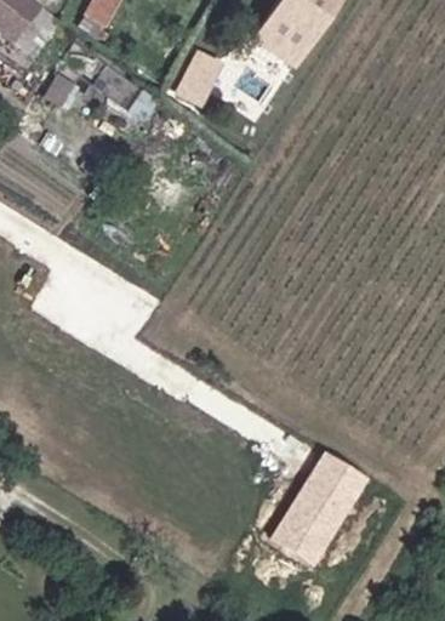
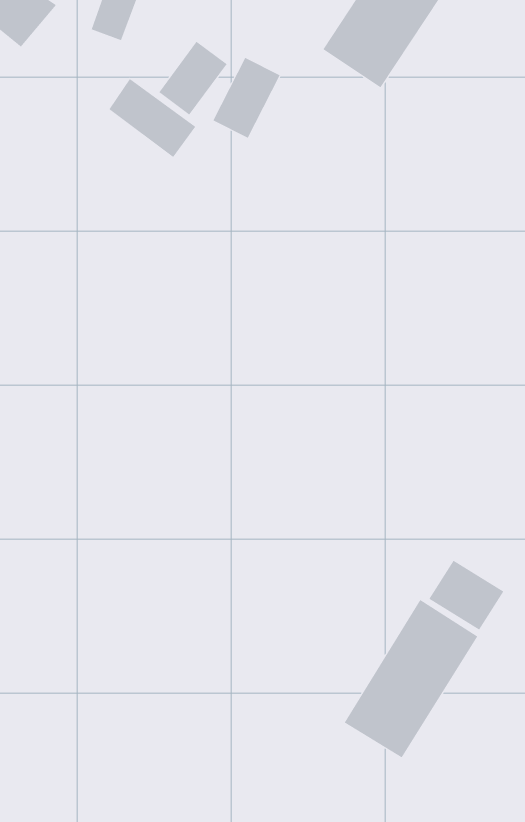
building: none -> [158,41,227,116]
building: none -> [429,560,504,631]

